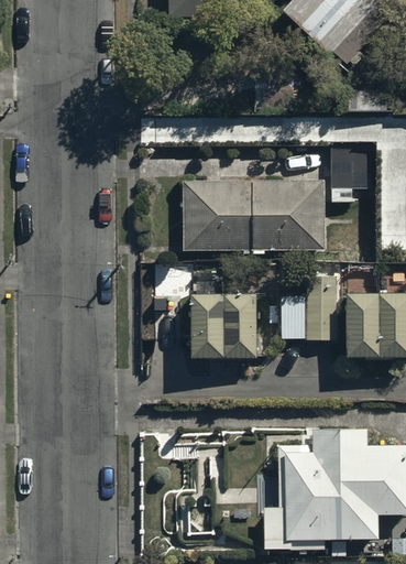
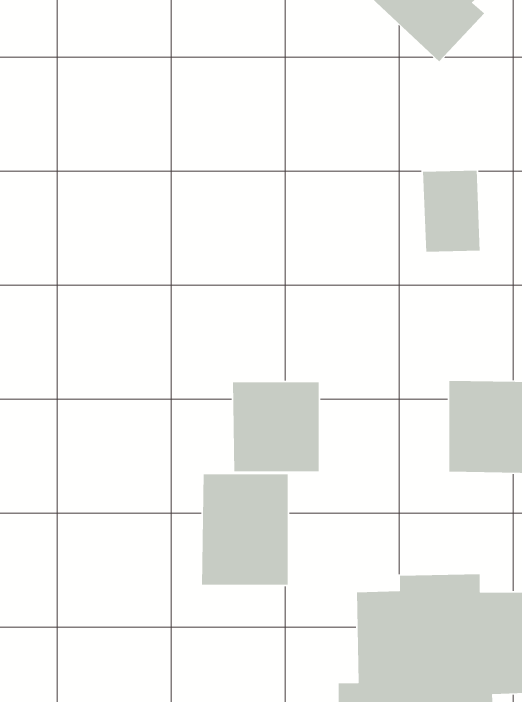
building: [182,181,326,250] -> none
building: [285,270,336,340] -> none
building: none -> [201,474,288,585]

